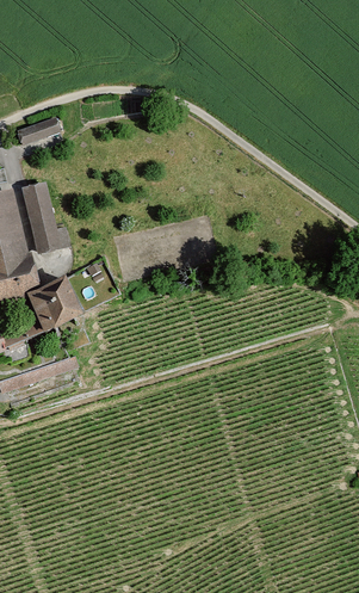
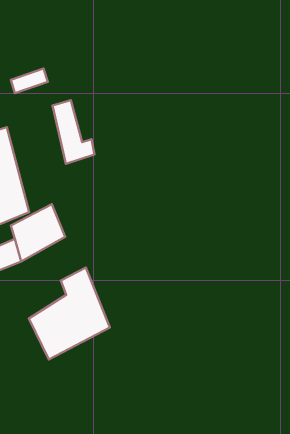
building: [23,179,72,253] -> [53,100,95,164]
building: none -> [29,267,110,359]

